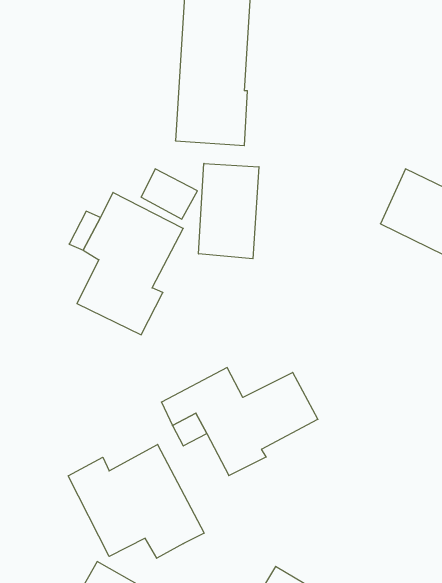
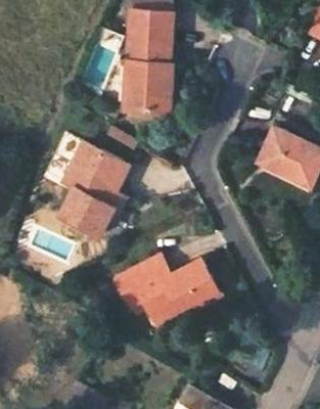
building: [199,163,259,259] -> none
building: [68,444,204,558] -> none

